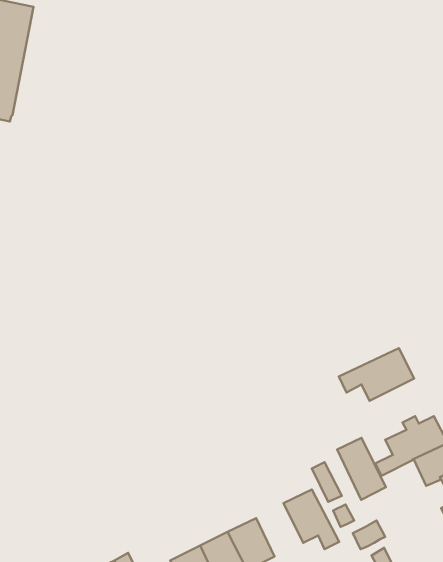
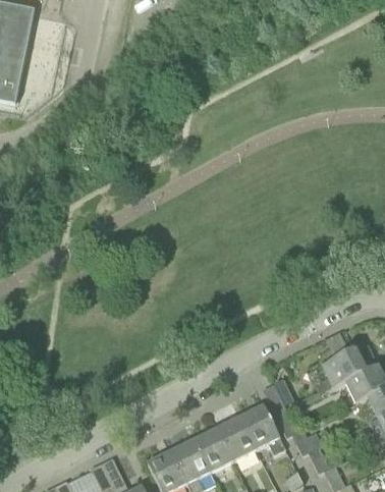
building: [339,348,414,401] -> none
building: [337,438,386,500] -> none
building: none -> [216,416,255,459]

